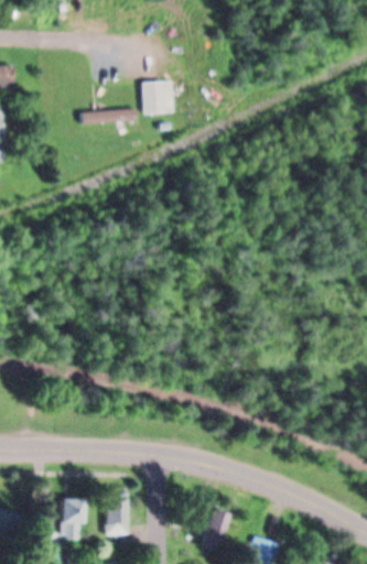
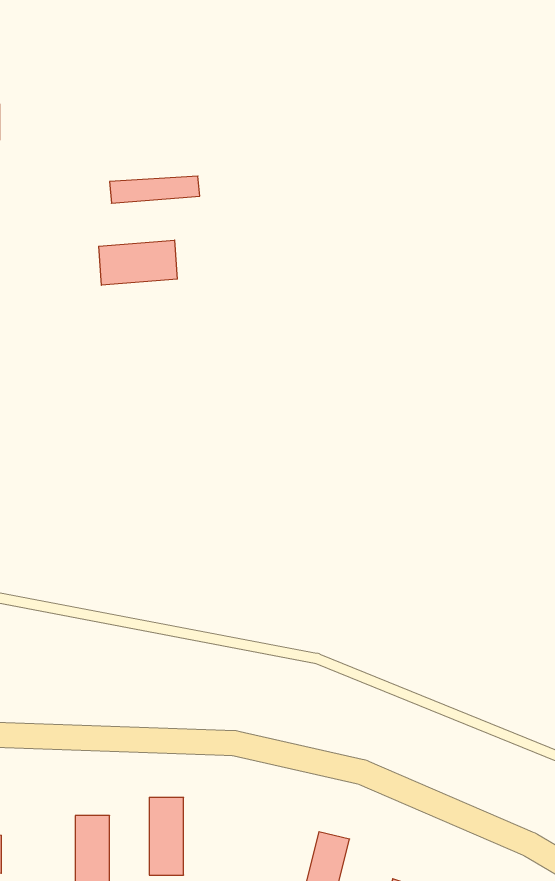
building: [143,80,175,113] -> none
building: none -> [99,240,177,285]

